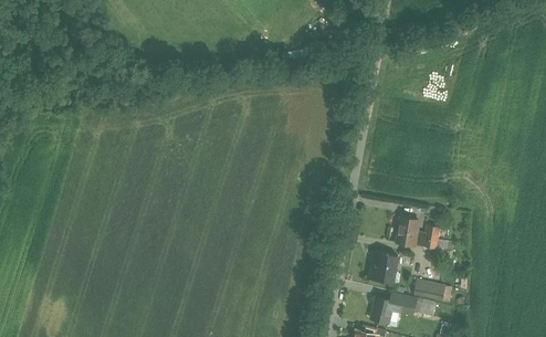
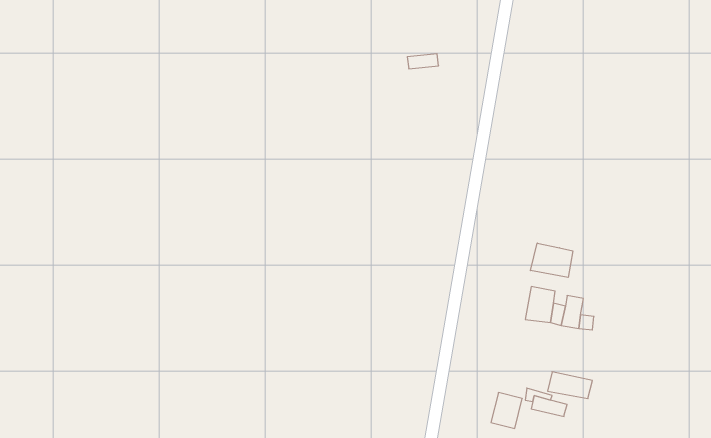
building: none -> [530,243,573,277]
building: [367,251,395,282] -> none

